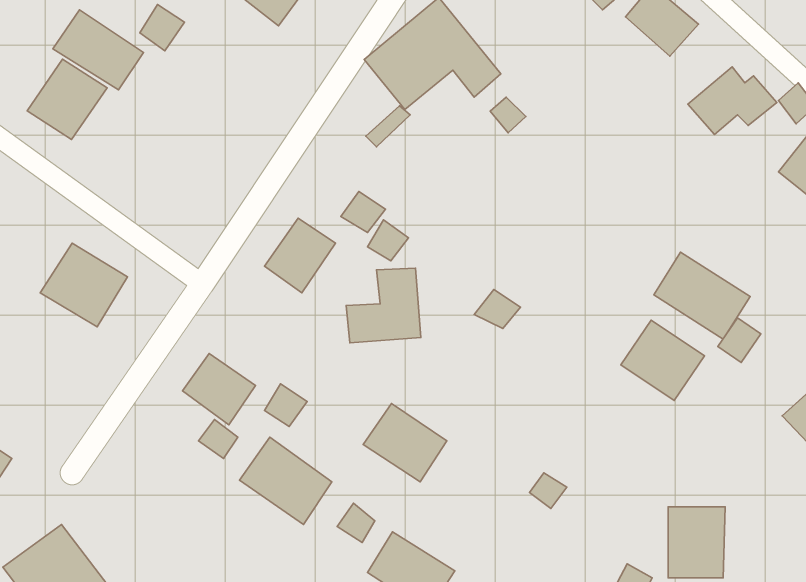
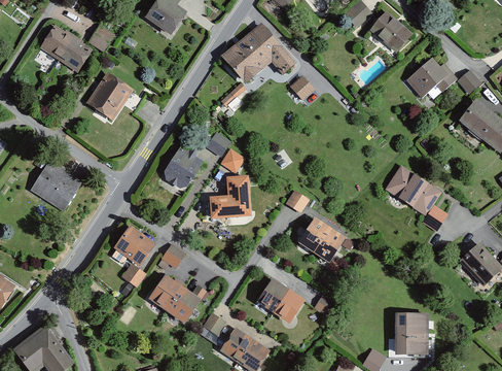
building: [27,59,107,139] -> [86,73,133,120]
building: [621,320,705,400] -> [297,217,346,264]
building: [363,404,447,482] -> [257,278,306,324]

